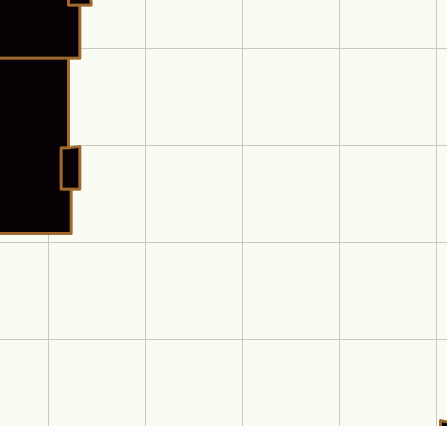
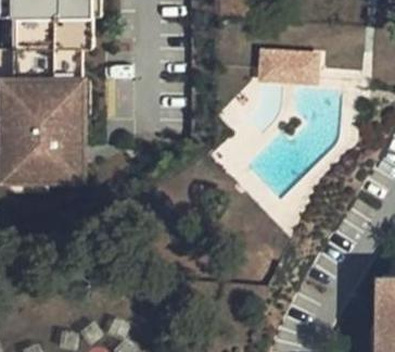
building: none -> [254,49,317,86]

